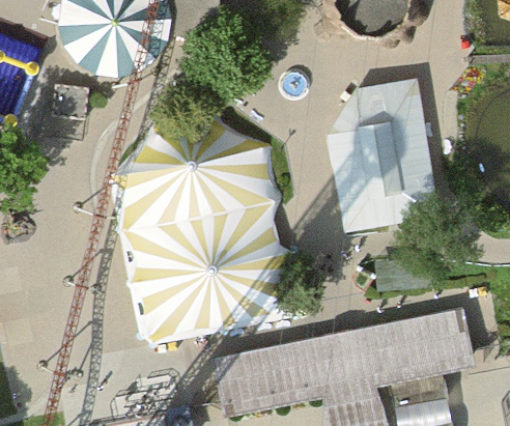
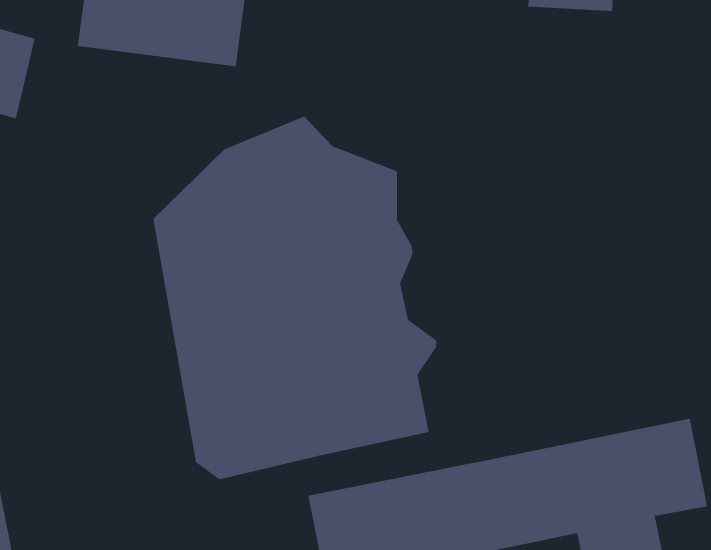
building: [331,78,436,228] -> none

